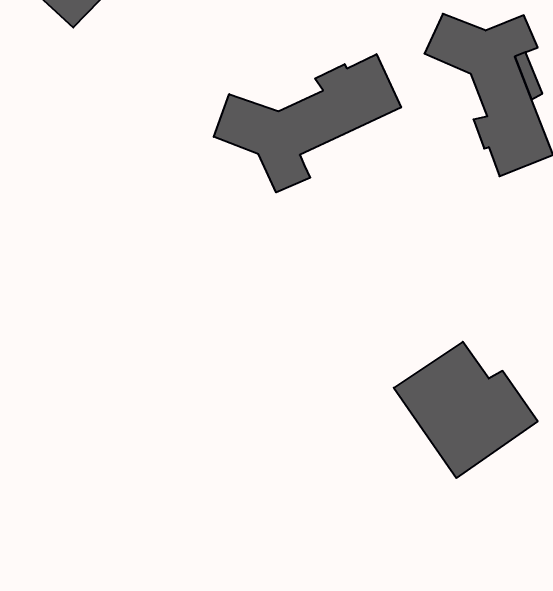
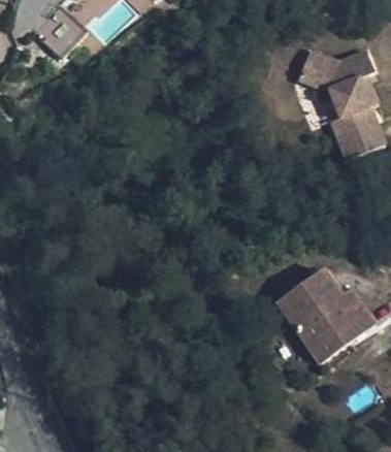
building: [214,54,401,192] -> none

